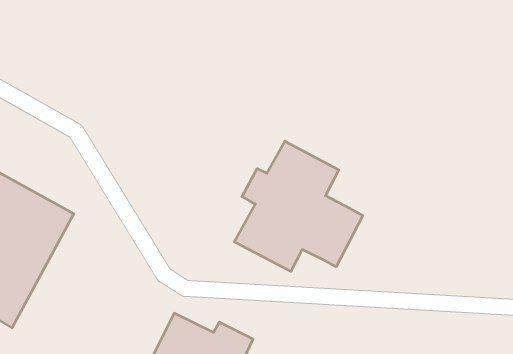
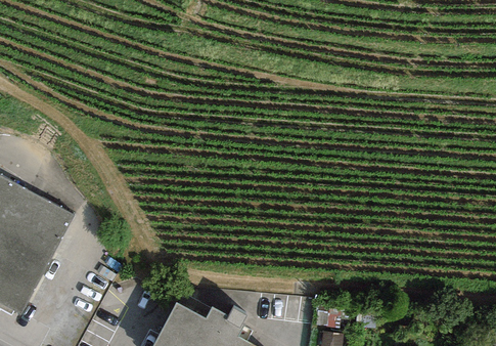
building: [234,141,363,271] -> none

